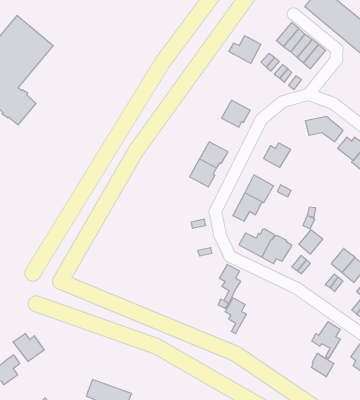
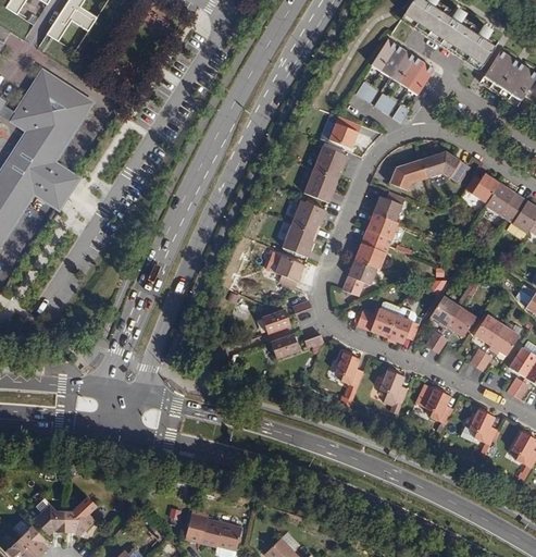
building: [229,36,261,63] -> [322,114,361,148]
building: none -> [306,169,337,201]
building: none -> [388,160,426,189]
building: none -> [363,213,398,246]
building: none -> [277,255,306,287]
building: none -> [261,307,289,332]
building: none -> [446,306,475,336]
building: none -> [272,333,301,359]
building: [225,298,246,334] -> [379,370,407,414]
building: none -> [424,387,451,423]
building: [13,333,44,361] -> none
building: [311,353,334,377] -> none

